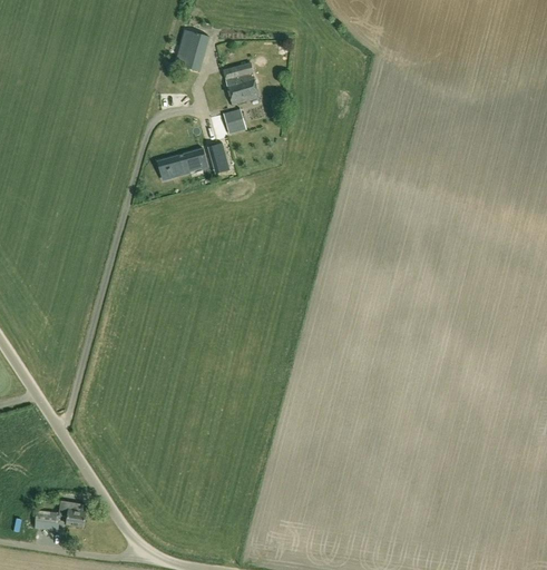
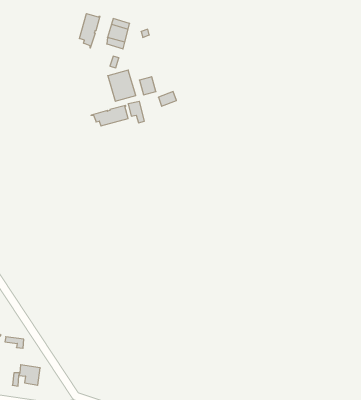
building: none -> [79,14,100,48]
building: [222,62,260,105] -> [108,70,136,101]

